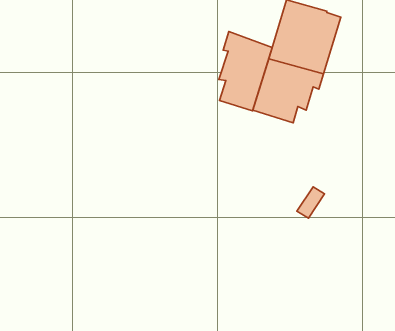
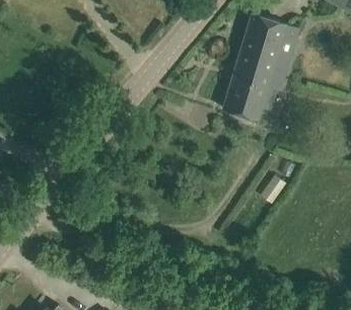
building: [219,31,272,111] -> none

